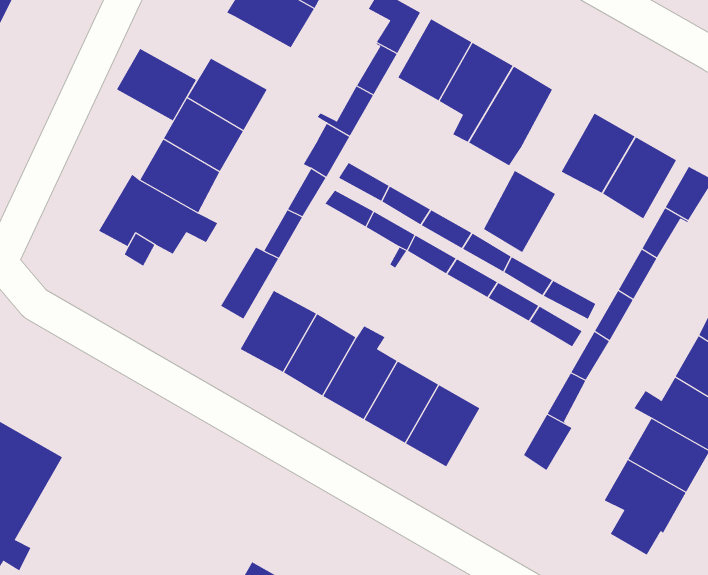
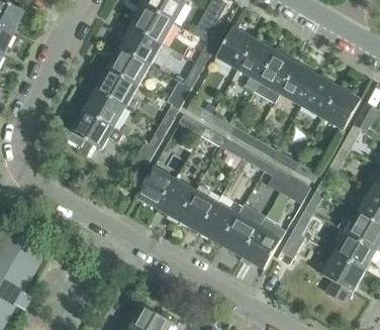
building: [116,48,197,121] -> [121,26,163,64]
building: [483,170,556,253] -> [281,64,318,106]
building: none -> [243,218,286,269]

